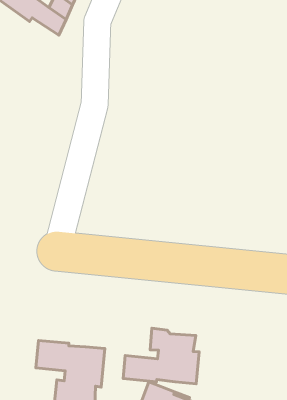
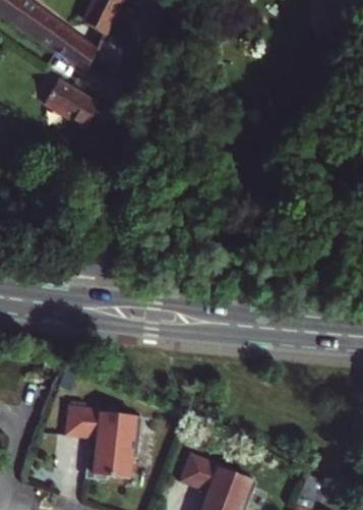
building: none -> [47,77,101,125]
building: [123,328,199,384] -> none

